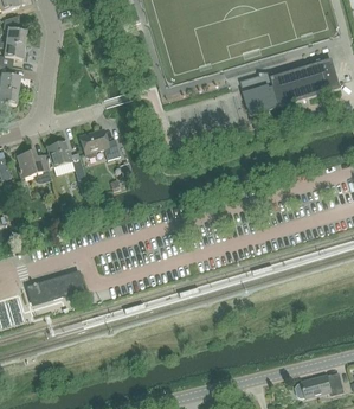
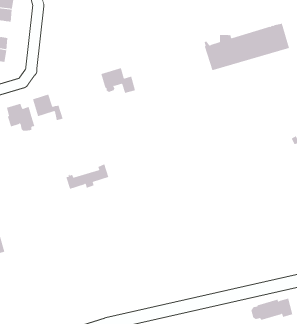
building: [79,129,120,159] -> [101,68,136,94]
building: [30,270,79,300] -> [65,164,109,190]

